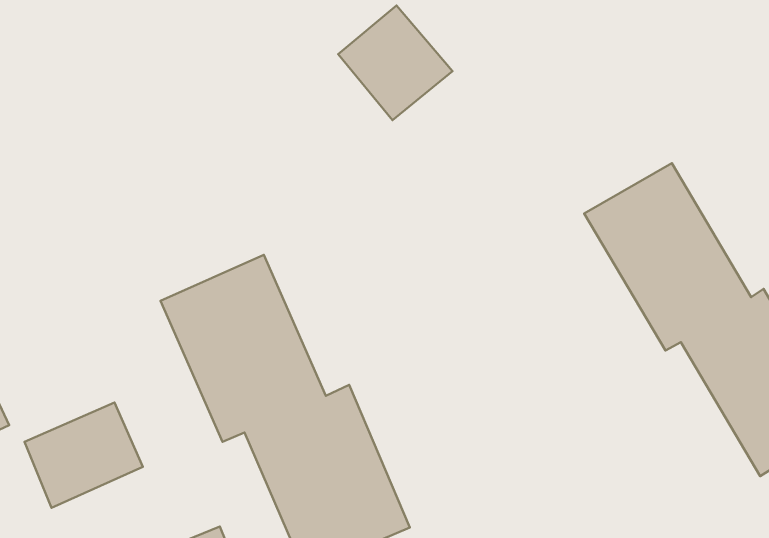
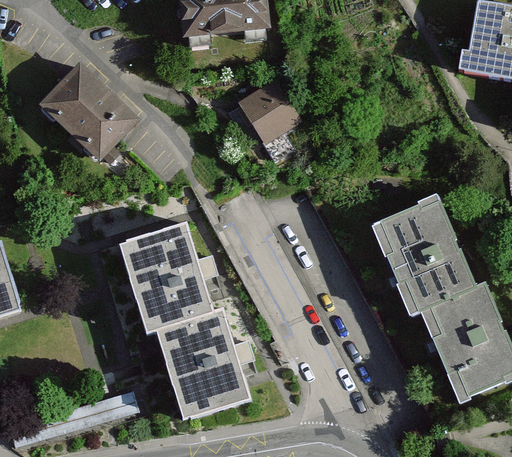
building: none -> [42,70,144,167]
building: [25,403,143,508] -> none

